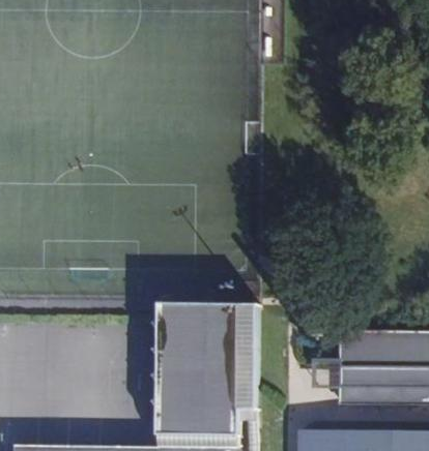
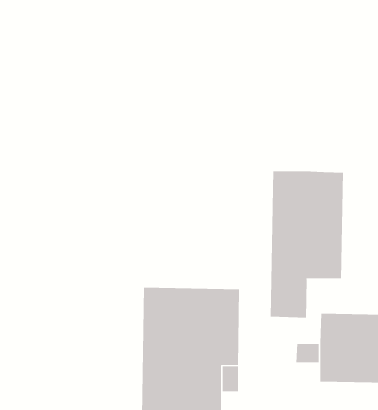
building: none -> [270,170,344,319]

